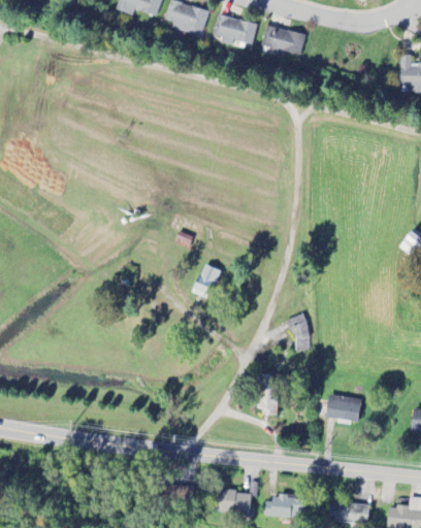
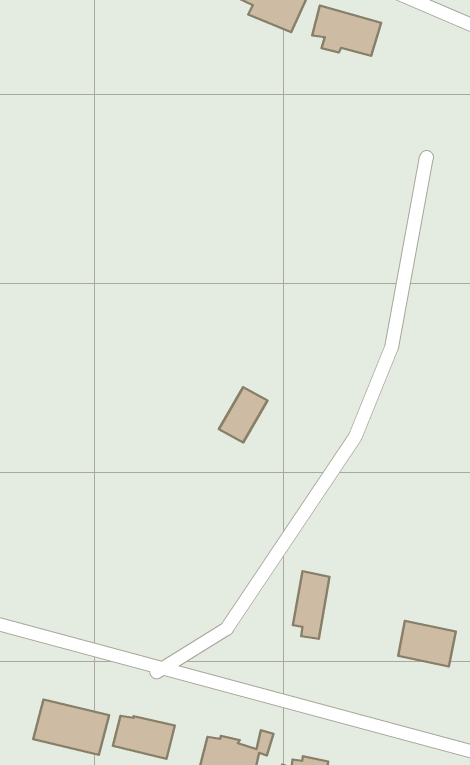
building: [262,27,306,57] -> none
building: [293,318,309,352] -> none
building: none -> [33,700,109,755]

